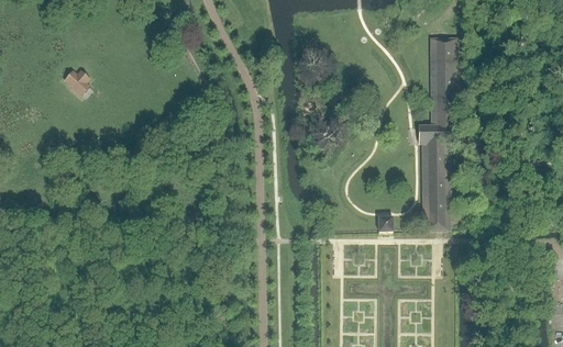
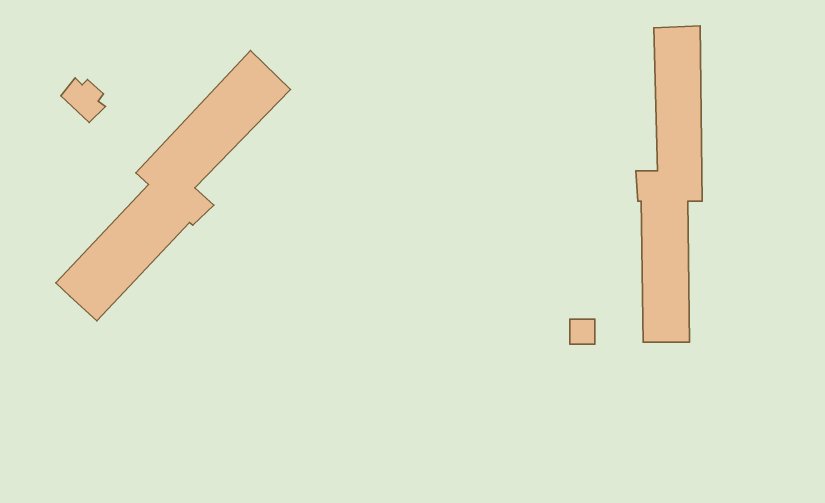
building: none -> [56,50,290,321]

